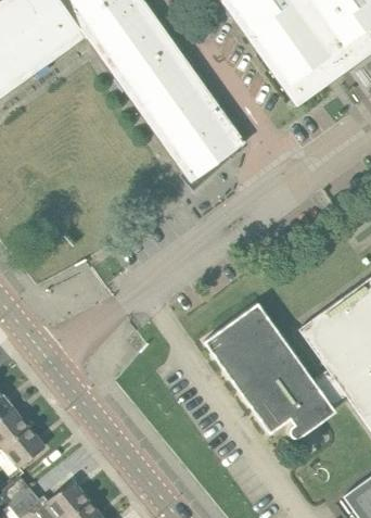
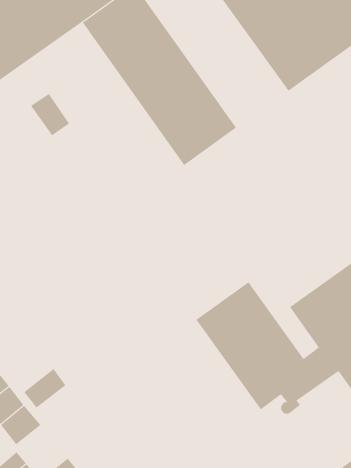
building: none -> [30,93,70,136]
building: none -> [23,368,66,408]

